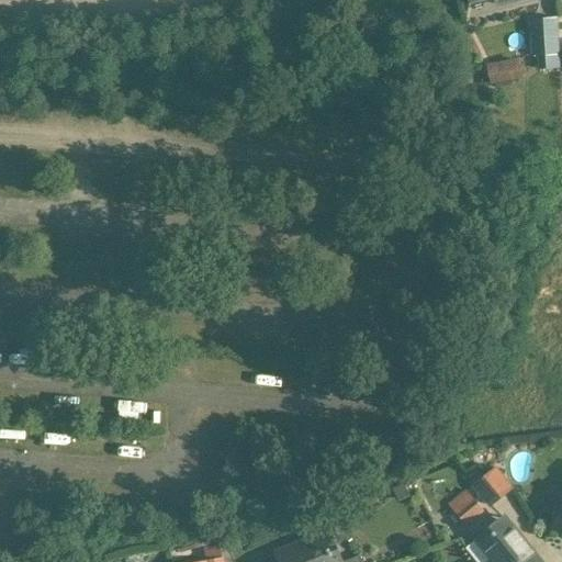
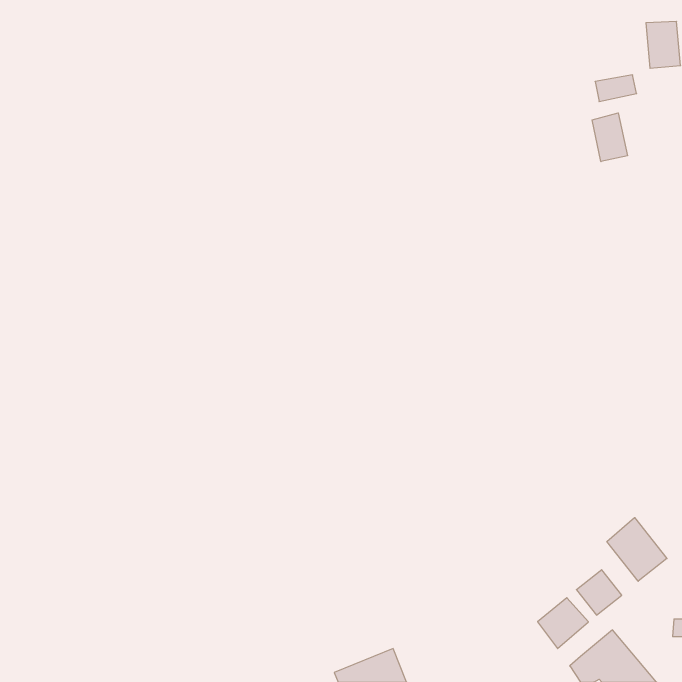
building: none -> [592,113,627,162]
building: none -> [607,518,667,581]

